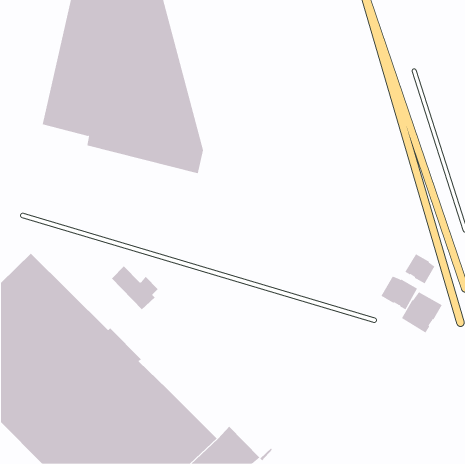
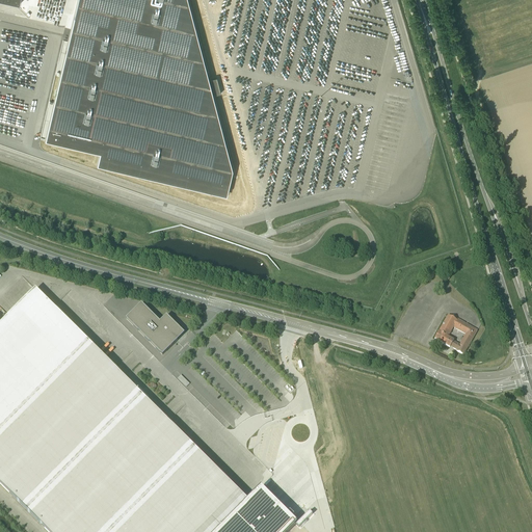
building: [404,253,435,284] -> none
building: [401,292,442,334] -> none

